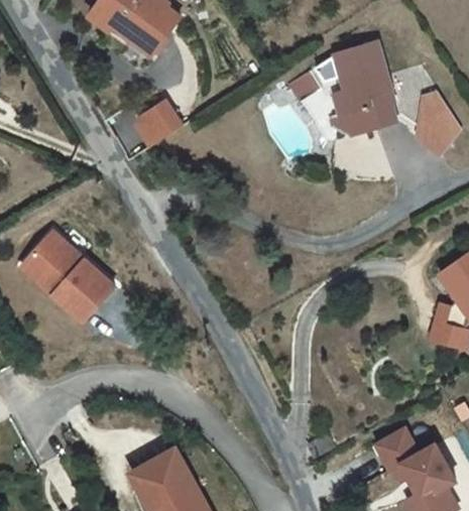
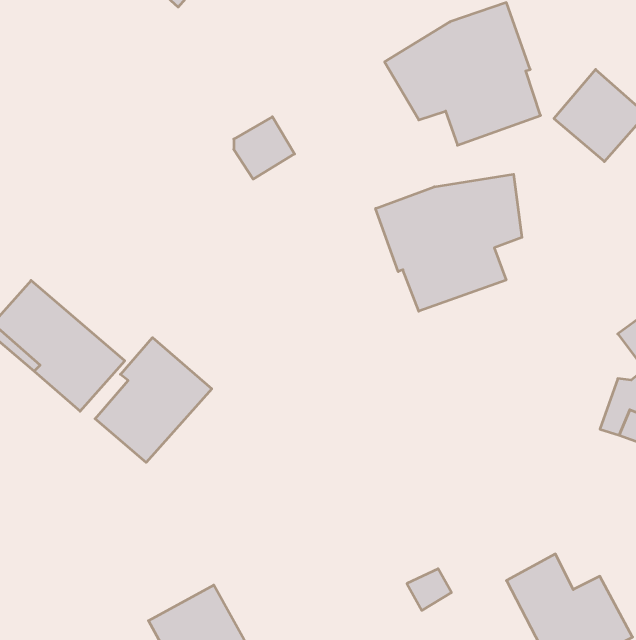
building: [132,104,173,146] -> [234,117,295,179]
building: none -> [376,174,522,311]
building: none -> [95,338,212,462]

